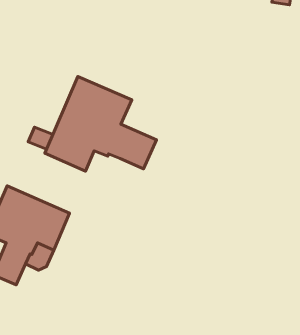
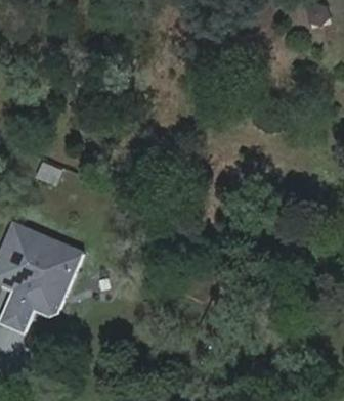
building: [45,76,156,171] -> none

